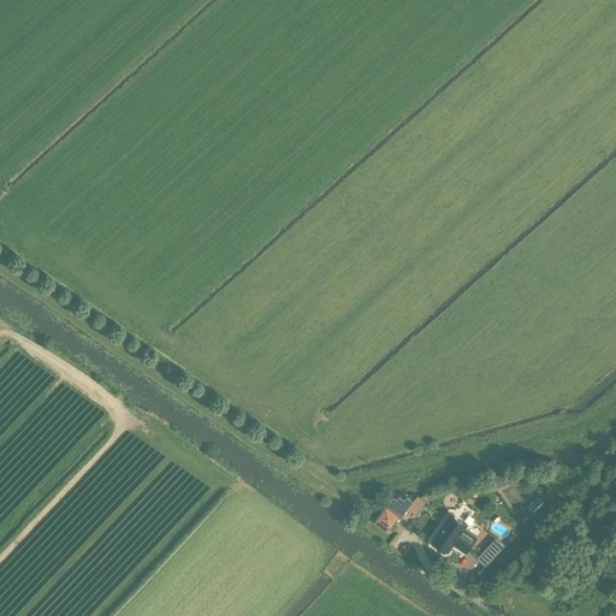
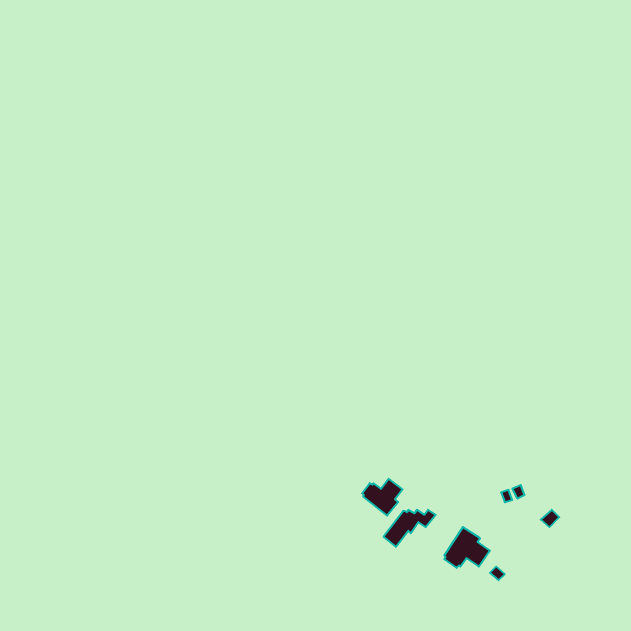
building: none -> [362,479,403,516]

